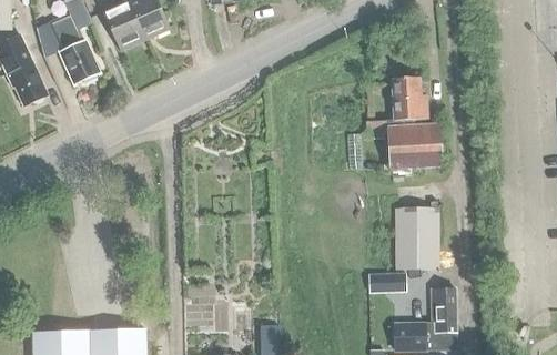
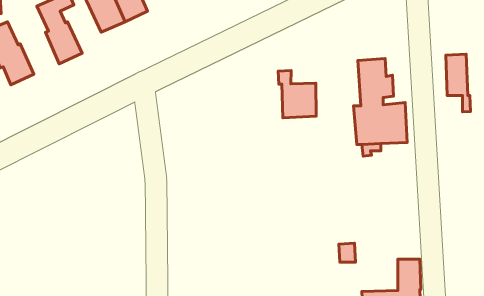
building: none -> [446,54,471,112]
building: none -> [278,70,316,118]
building: [395,221,438,268] -> none

